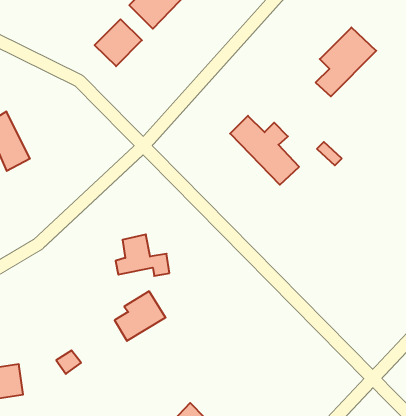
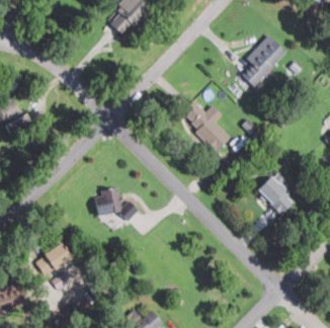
building: [95,19,142,66] -> none
building: none -> [256,176,296,215]
building: [115,291,166,341] -> [36,240,74,276]

